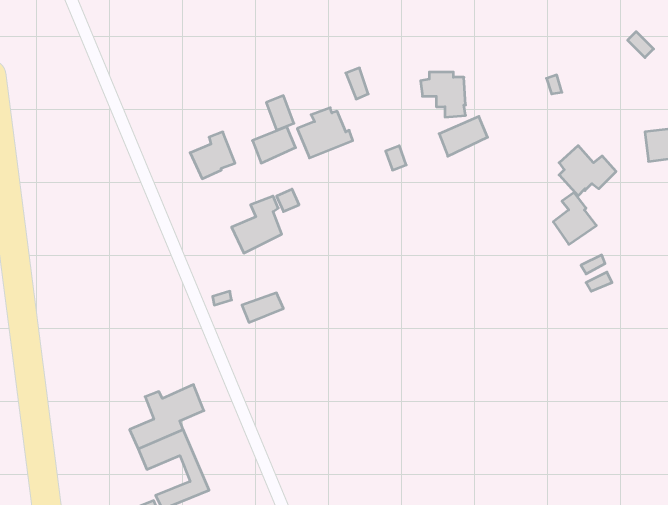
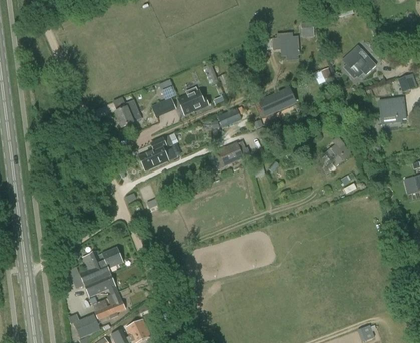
building: [421,72,466,117] -> [272,34,298,60]
building: [559,146,616,196] -> [342,50,375,79]
building: none -> [218,141,249,164]

